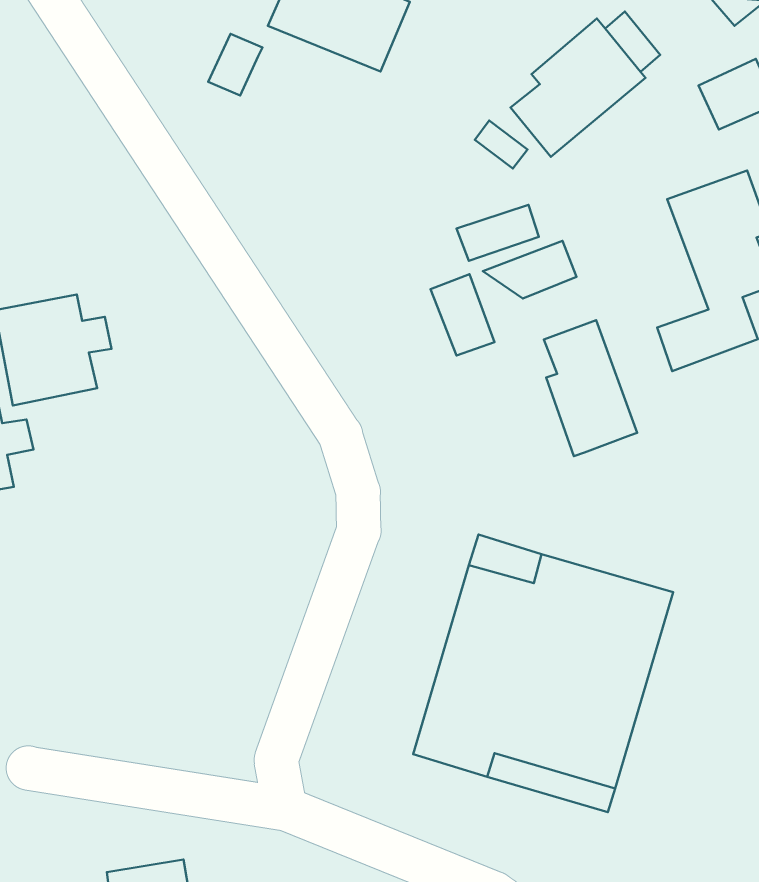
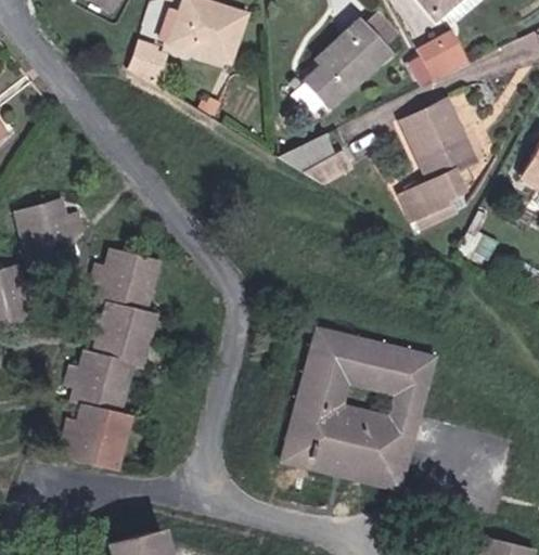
building: [431,274,495,356] -> none
building: [544,320,637,456] -> none
building: none -> [64,249,157,468]

